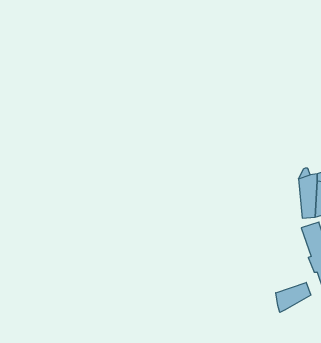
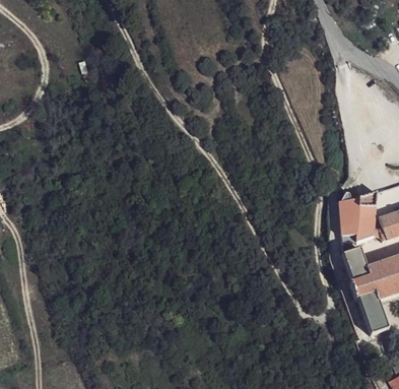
building: [276,282,311,312] -> none

